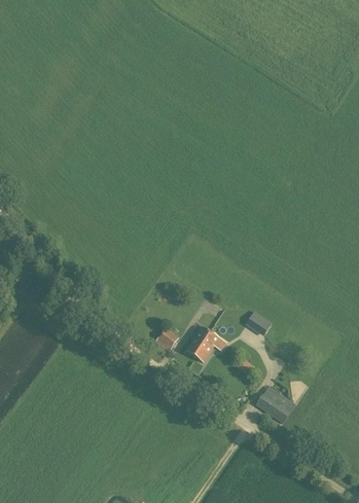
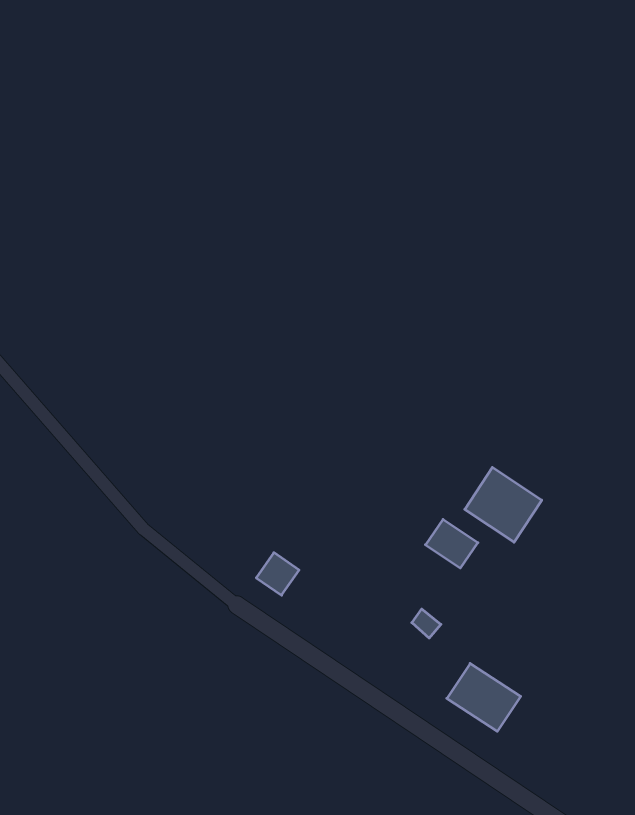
building: none -> [465,467,542,542]
building: [186,326,220,362] -> none

